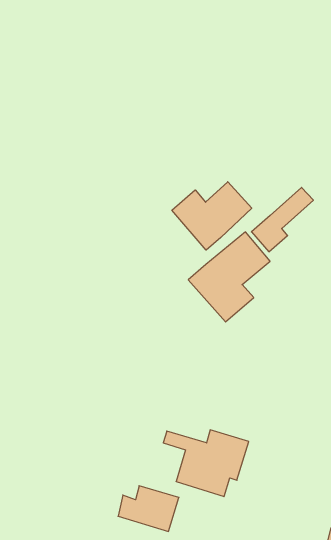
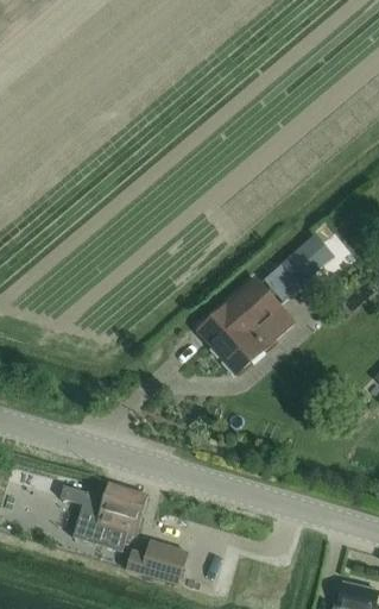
building: [172,182,252,250] -> none
building: [163,430,249,497] -> [59,484,146,552]

